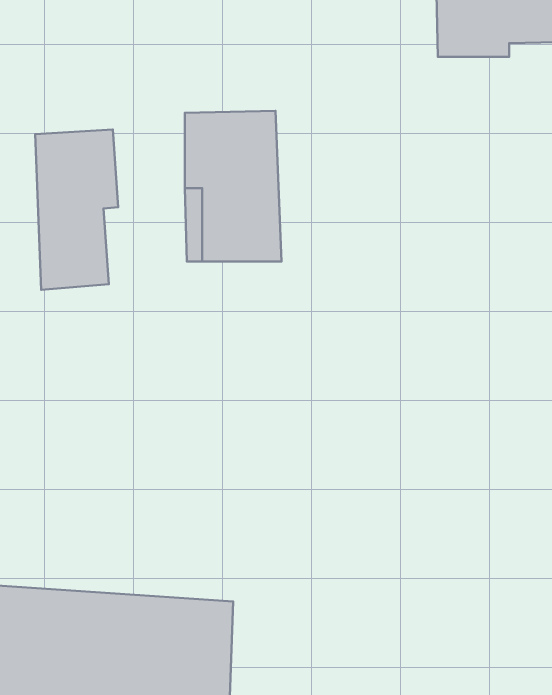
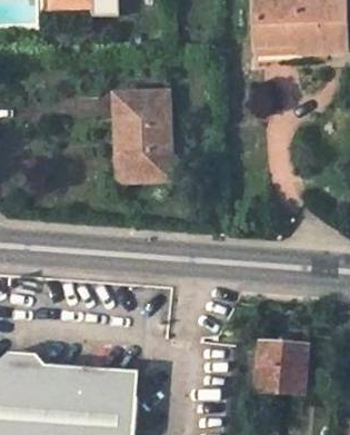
building: [35,129,118,290] -> none
building: none -> [256,339,304,392]

